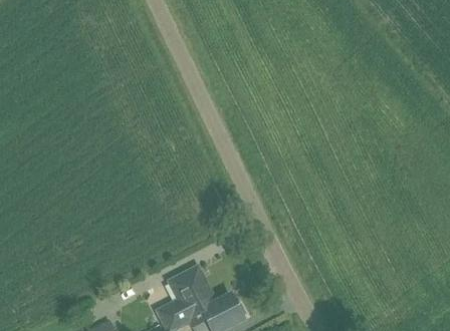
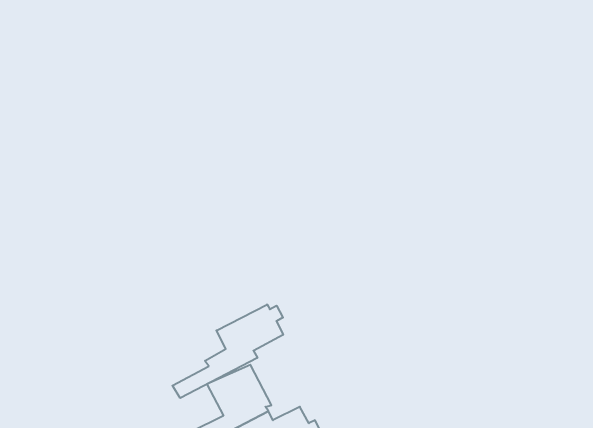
building: none -> [172,304,283,398]

